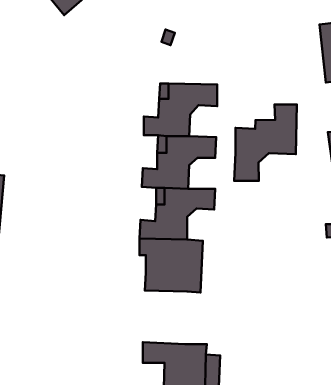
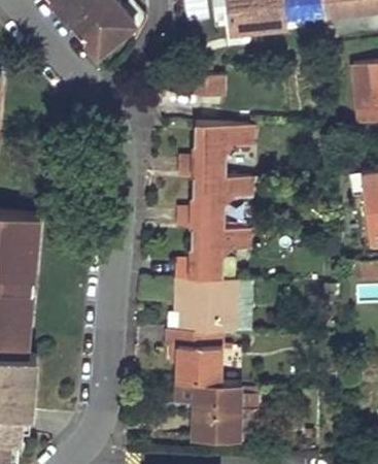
building: [234,104,297,181] -> none
building: none -> [163,330,221,384]

